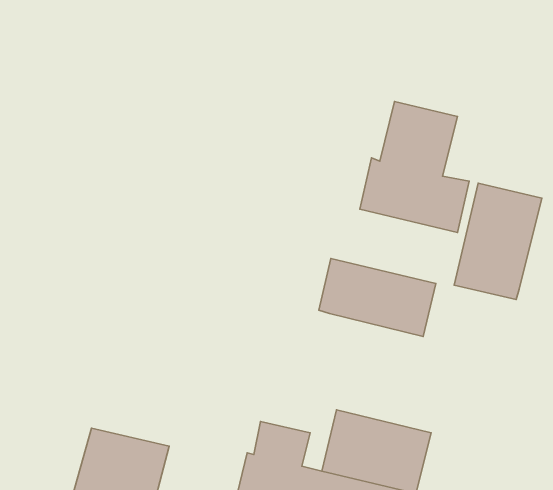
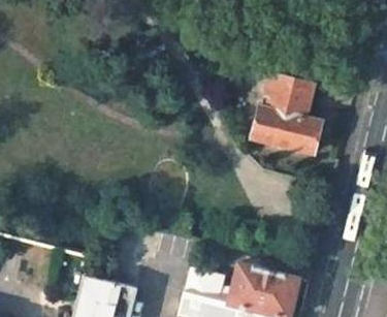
building: [454,183,542,299] -> none
building: [319,258,436,336] -> none

